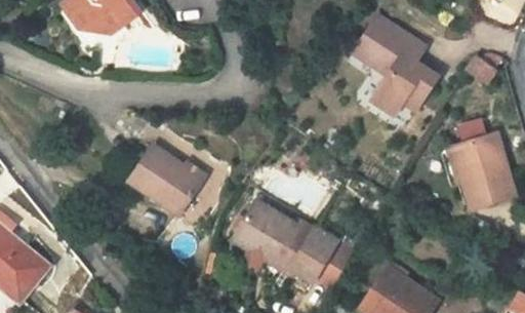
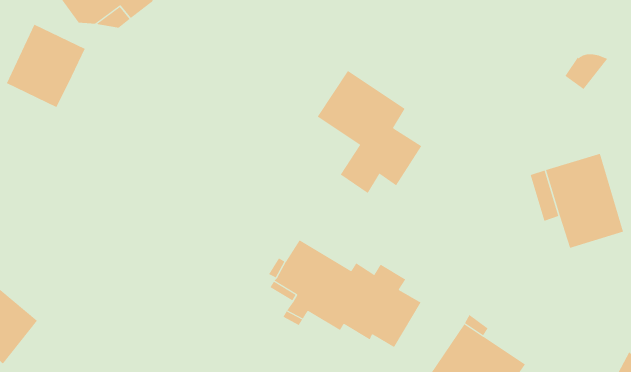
building: [354,15,438,114] -> [317,70,422,194]
building: none -> [6,24,86,108]
building: [128,147,202,216] -> none

